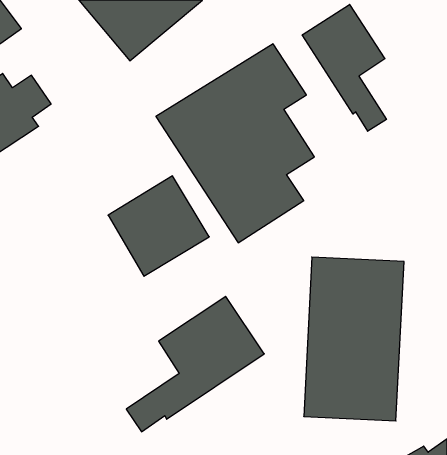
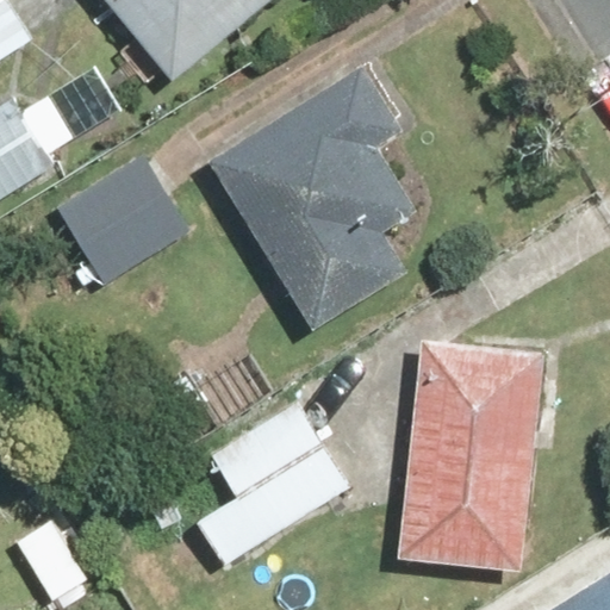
building: [302,4,386,131] -> none
building: [108,176,209,276] -> [56,156,191,290]

